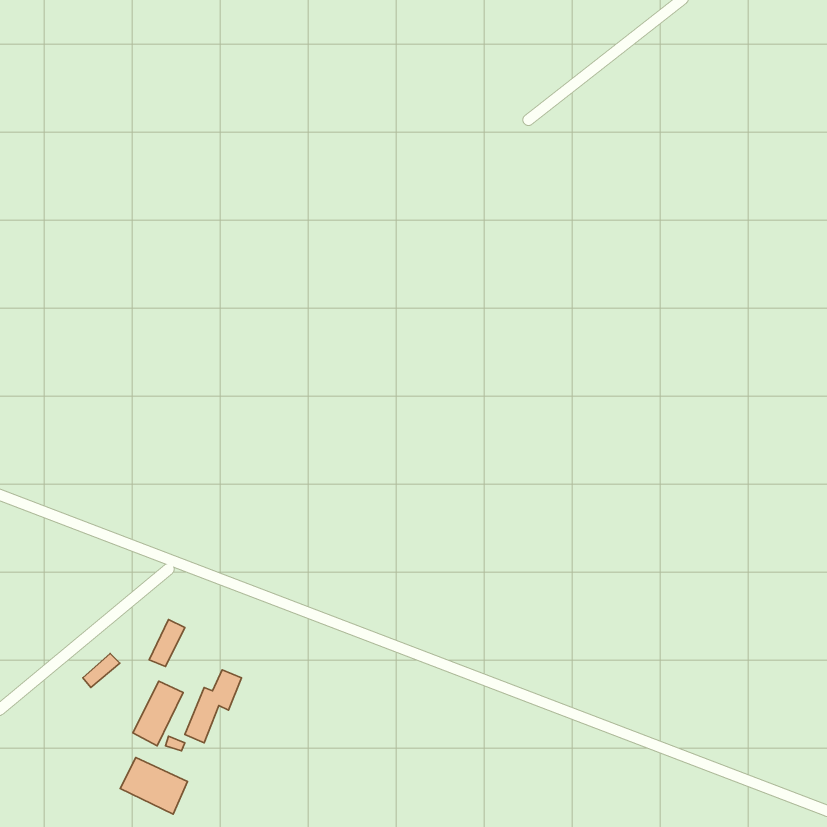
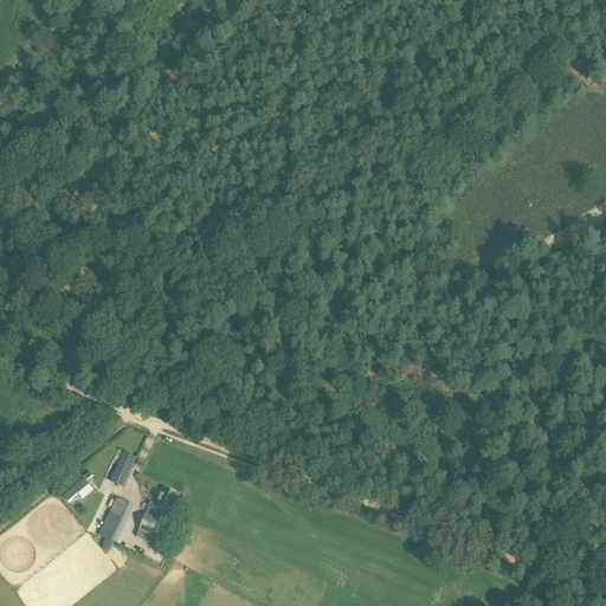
building: [120,757,188,814] -> none

